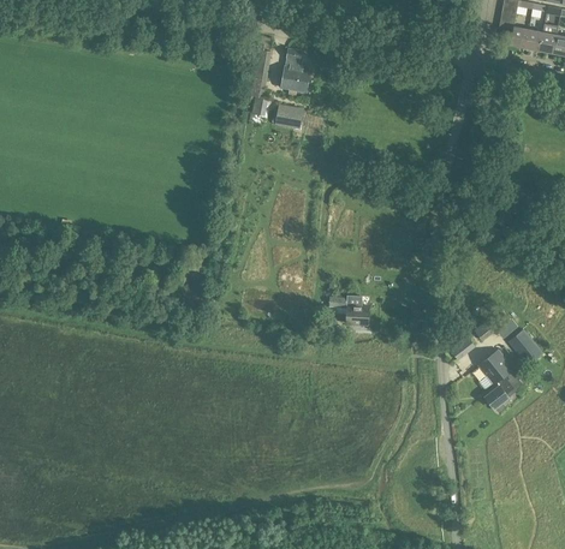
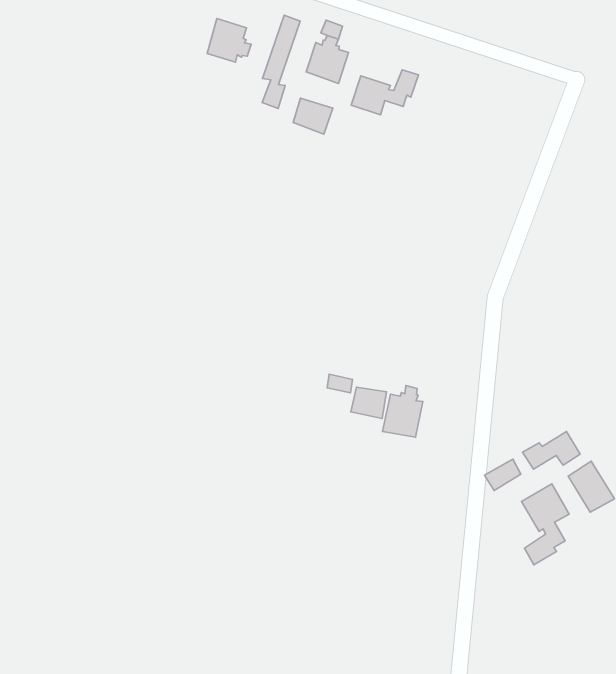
building: none -> [207,19,251,62]
building: none -> [351,70,418,115]
building: none -> [382,386,423,437]

